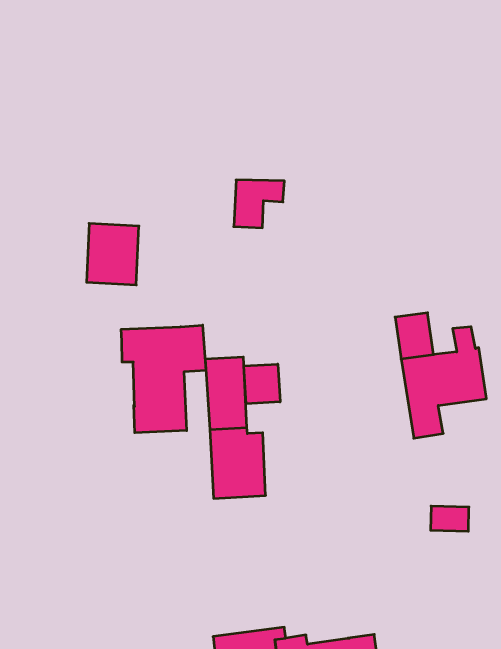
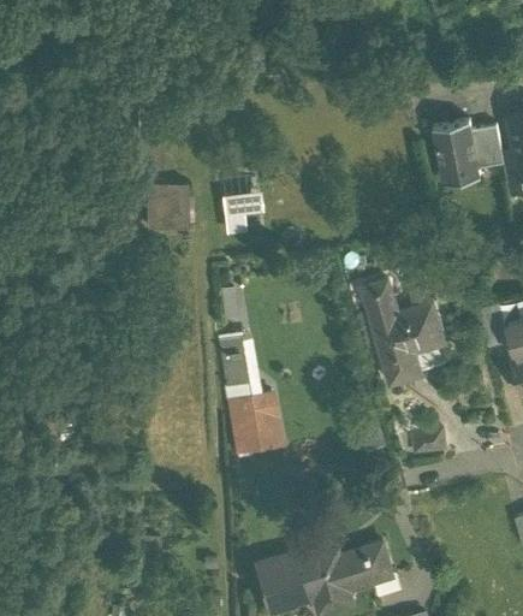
building: [87,223,139,285] -> [139,188,184,238]
building: [121,325,206,433] -> none
building: [244,364,280,404] -> none

